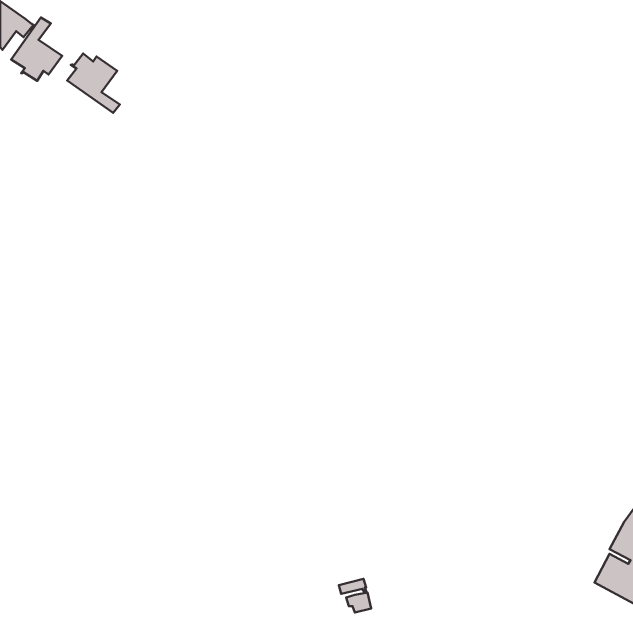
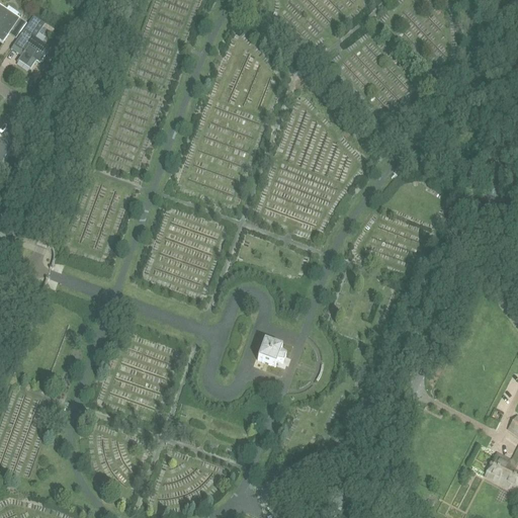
building: [67,54,120,113] -> none
building: none -> [258,340,286,364]

